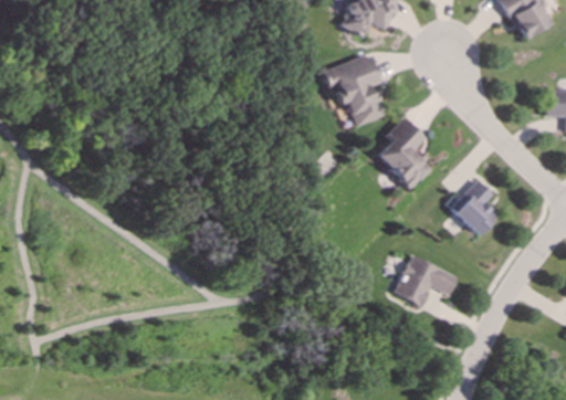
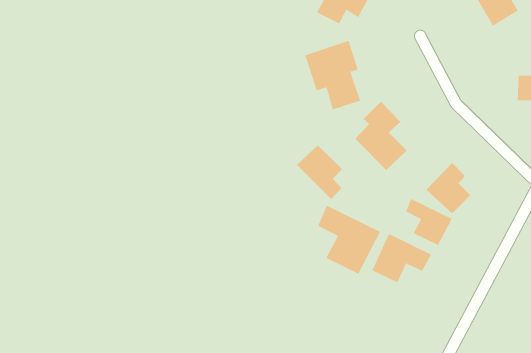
building: none -> [296,145,343,200]
building: none -> [405,198,453,246]
building: none -> [318,205,381,274]

